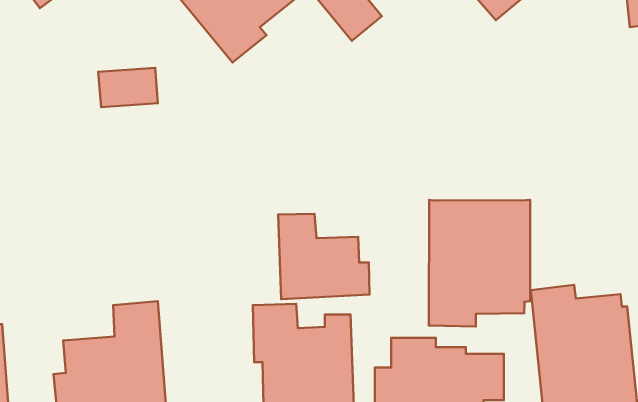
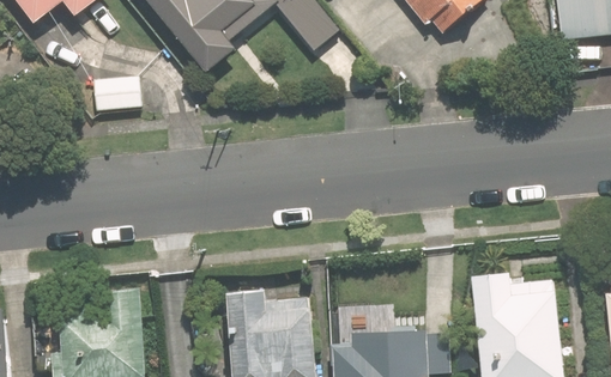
building: [429,200,530,327] -> none
building: [278,214,369,299] -> none

